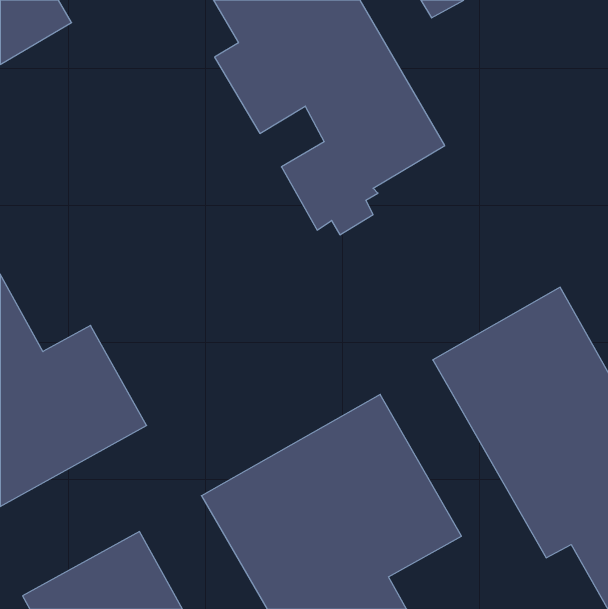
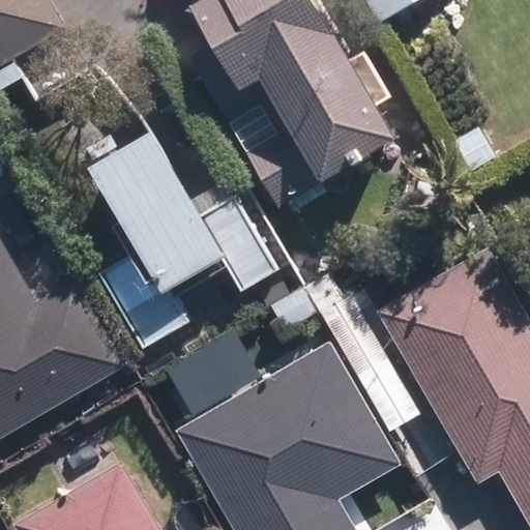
building: none -> [87,136,223,297]

